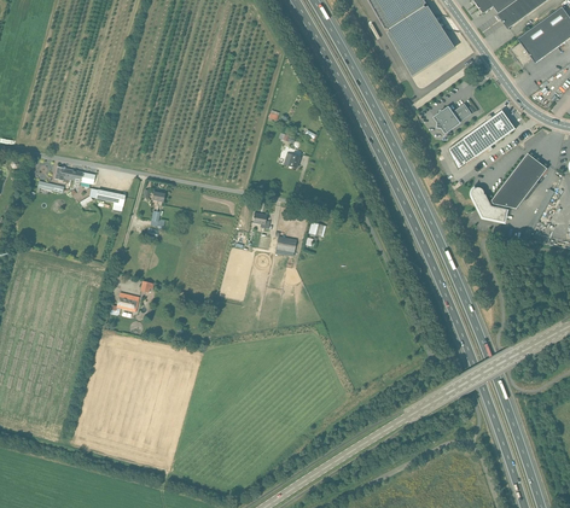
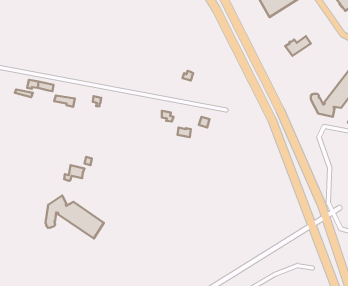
building: [448,109,516,168] -> none
building: none -> [45,196,104,239]

